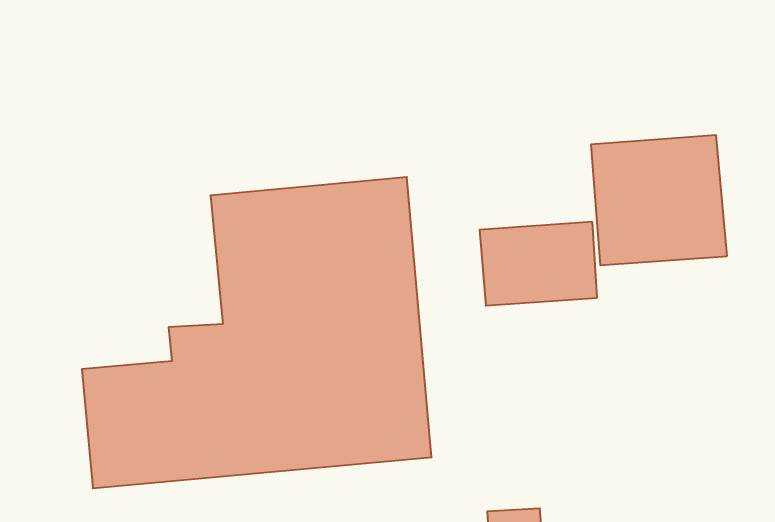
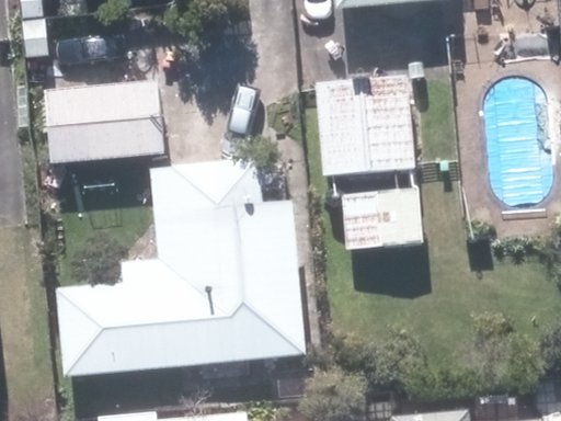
building: none -> [44,84,162,161]
building: [591,135,727,265] -> [314,79,411,171]

